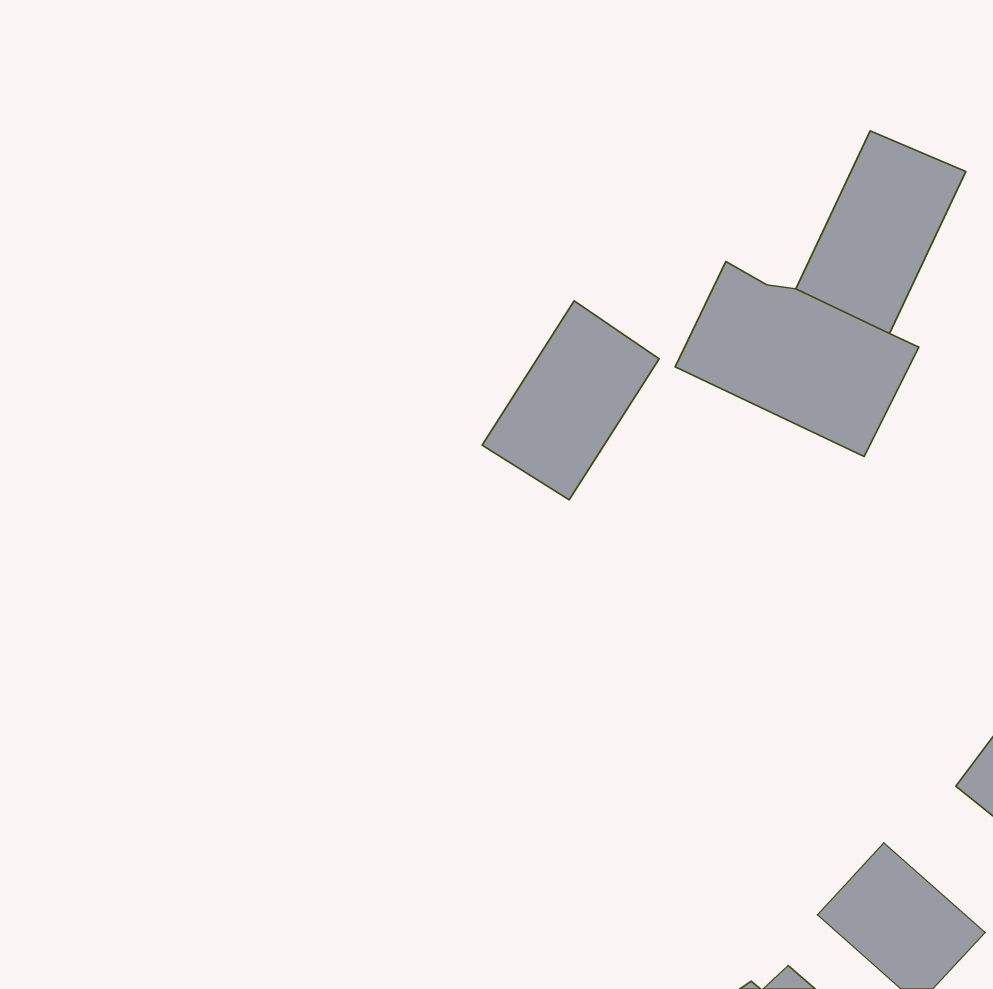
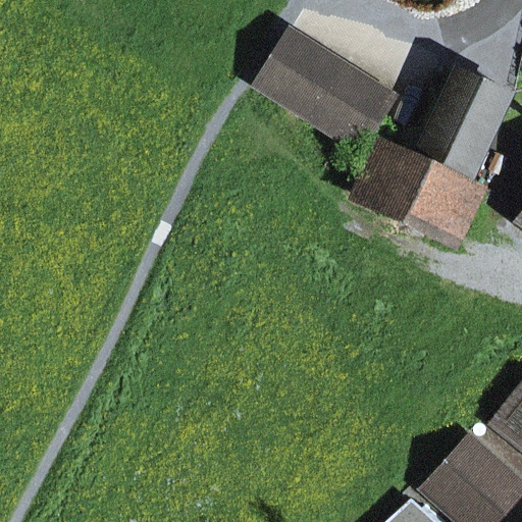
building: none -> [259,30,394,147]
building: [482,301,659,500] -> none

